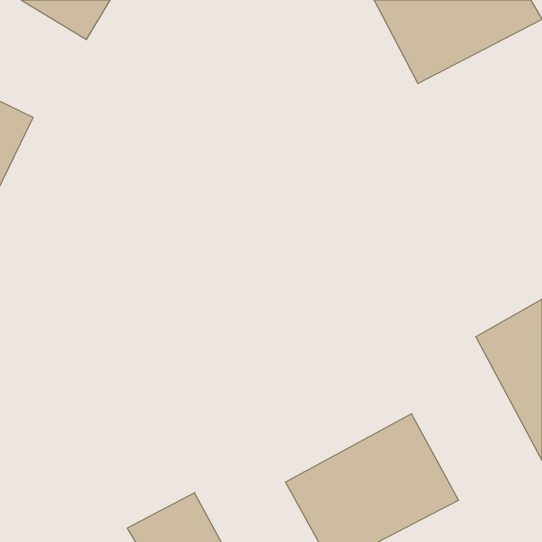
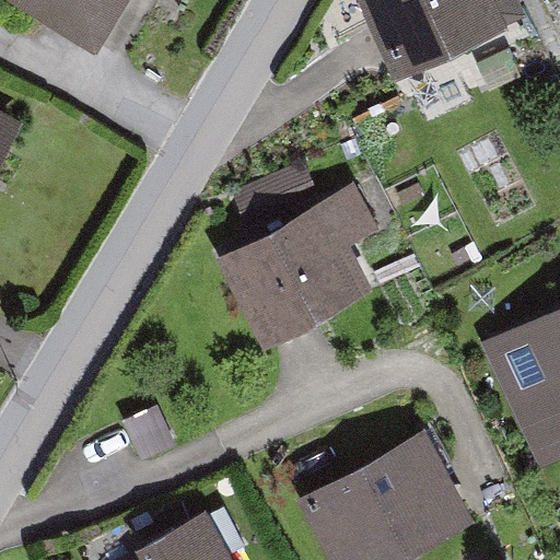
building: none -> [218,173,397,359]

